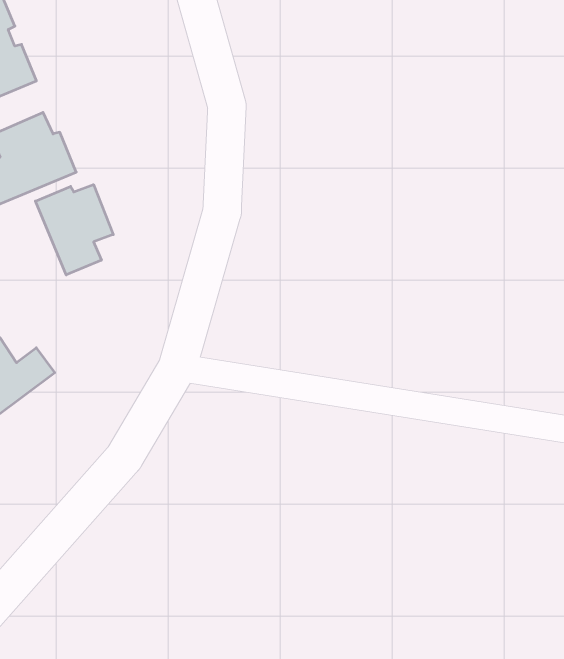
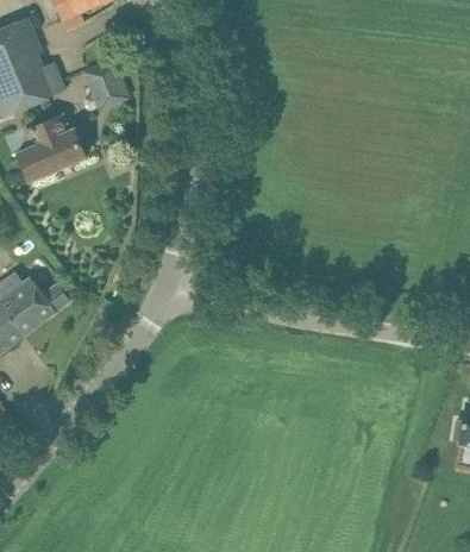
building: none -> [82,58,131,107]
building: [35,185,113,275] -> none

